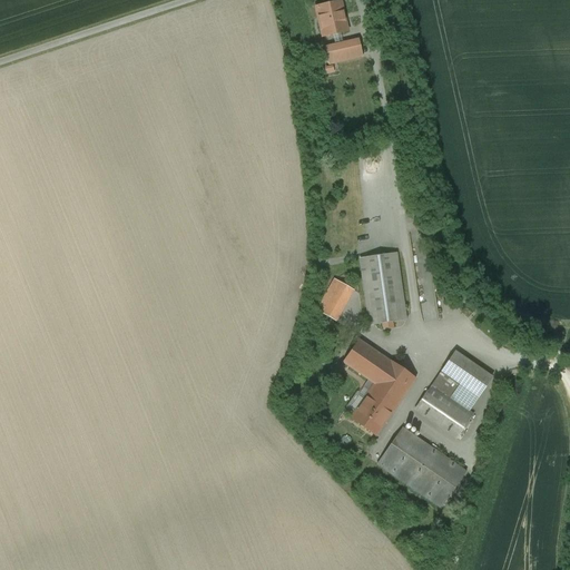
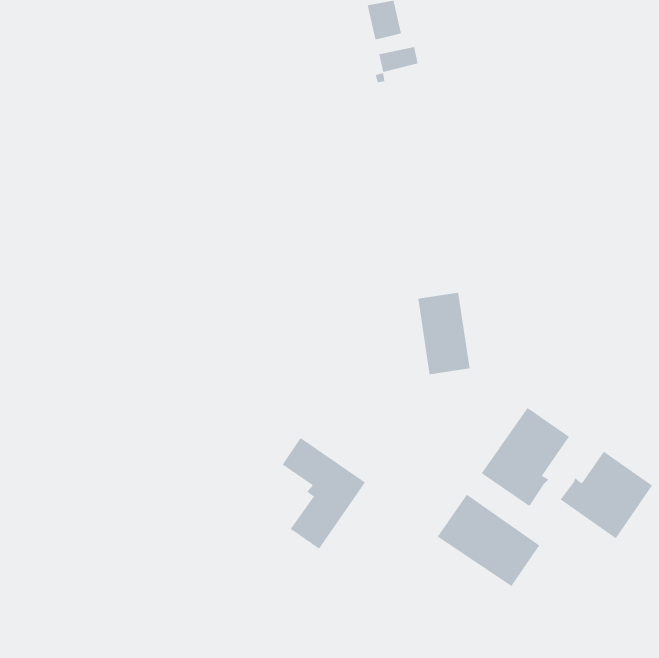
building: [318,277,353,318] -> none
building: [344,337,416,434] -> [282,437,366,550]
building: none -> [560,451,653,539]

